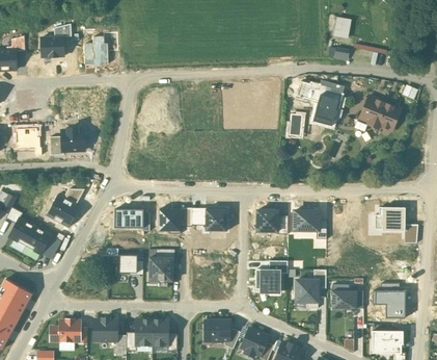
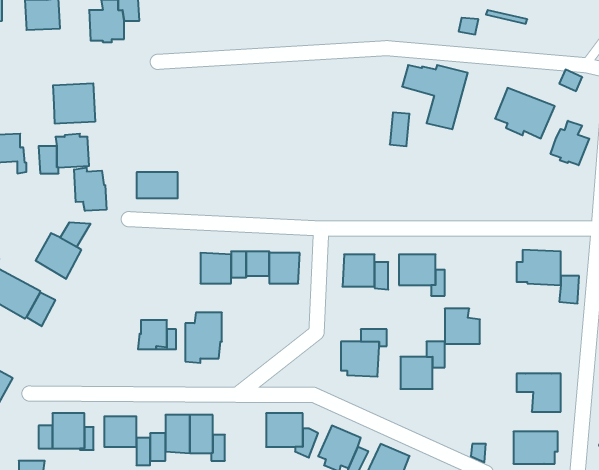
building: none -> [53,83,95,124]
building: none -> [551,121,589,165]
building: none -> [74,167,106,211]
building: [115,209,143,227] -> [137,172,178,198]
building: [332,284,356,308] -> [445,309,480,344]

